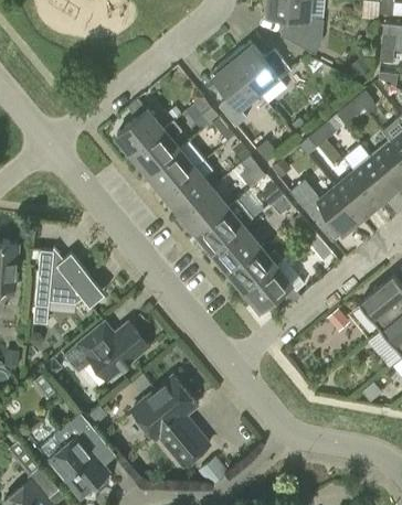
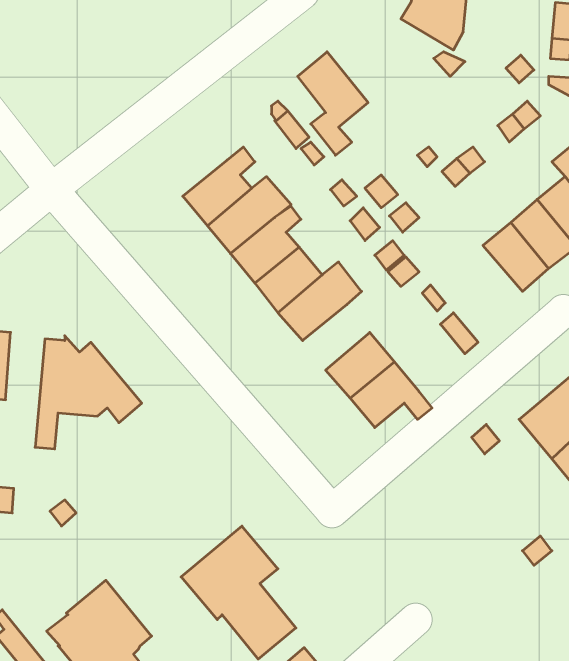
building: [230,42,290,93] -> none
building: [116,100,162,155] -> none
building: [289,181,361,244] -> none
building: [213,228,258,272] -> none
building: [63,322,149,383] -> none

